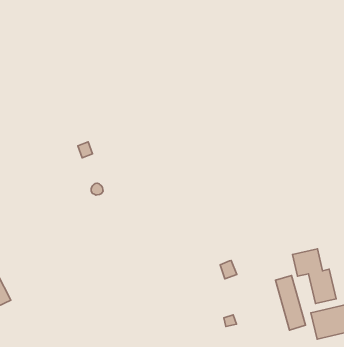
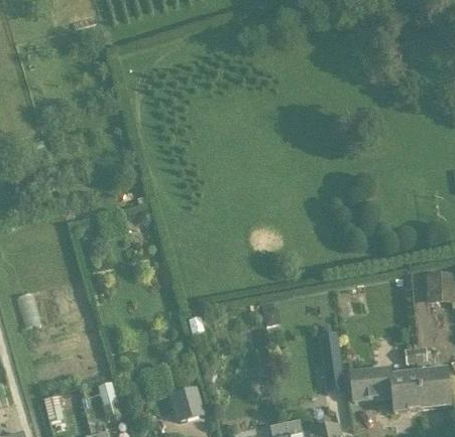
building: [292,249,336,304] -> none

